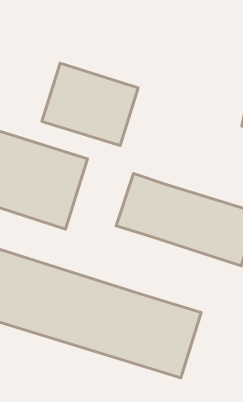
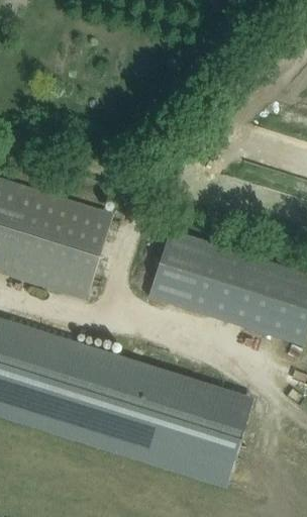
building: [42,63,138,146] -> none

